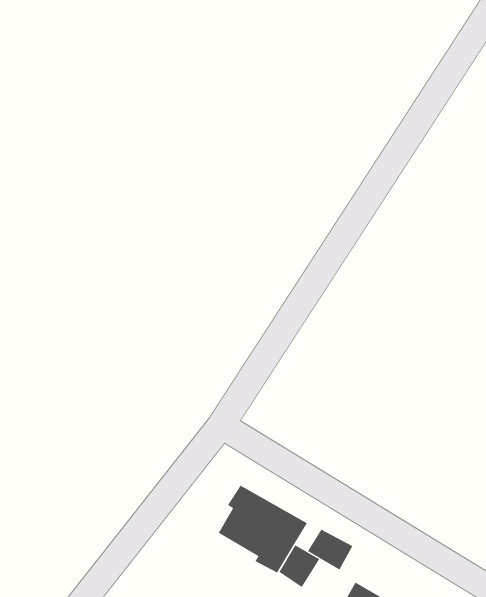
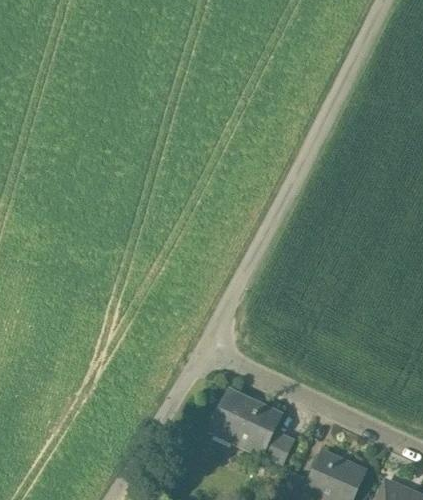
building: [307,529,353,570] -> none

